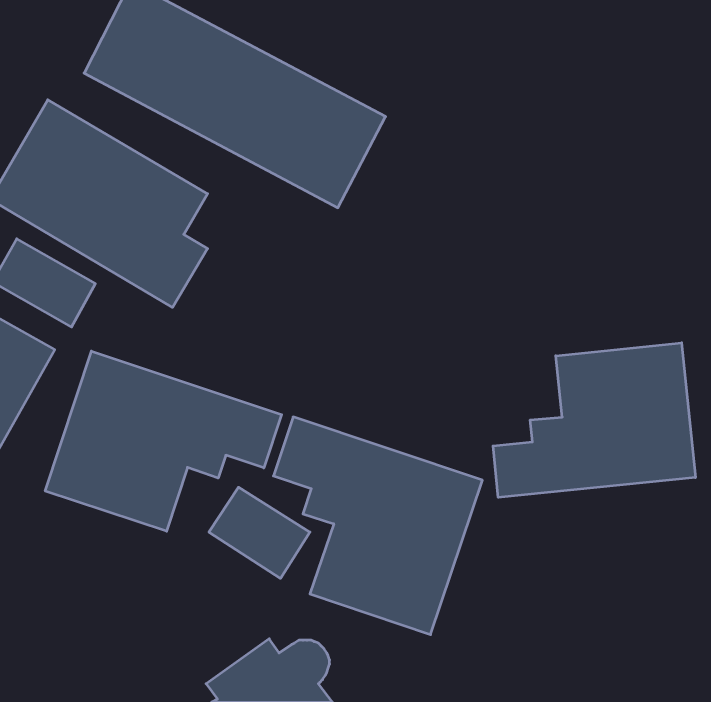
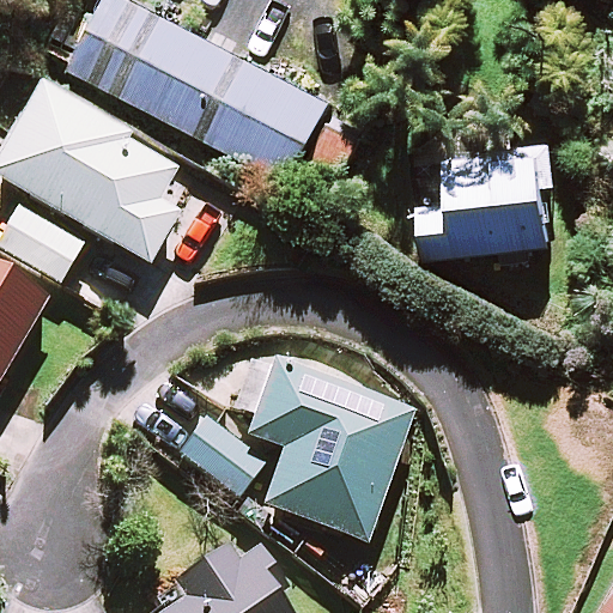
building: none -> [417,140,554,261]
building: [493,343,695,497] -> none
building: [45,351,282,531] -> none

